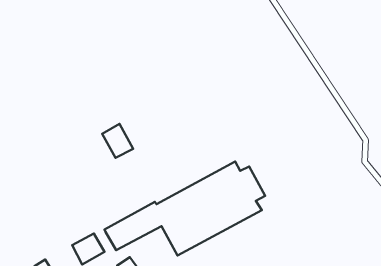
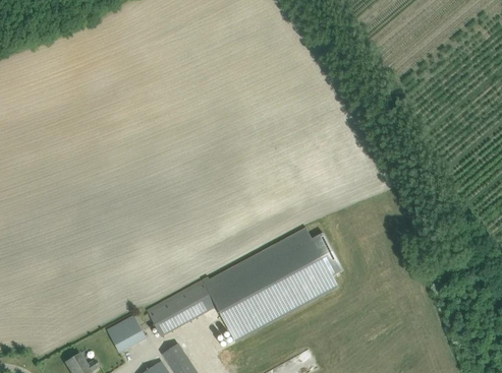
building: [102,124,133,158] -> none

